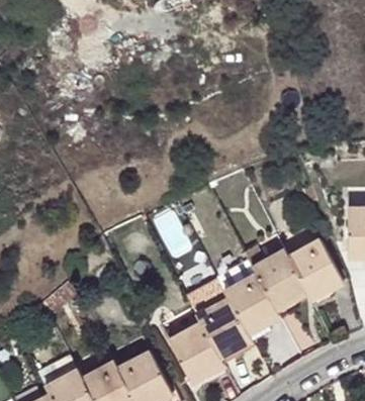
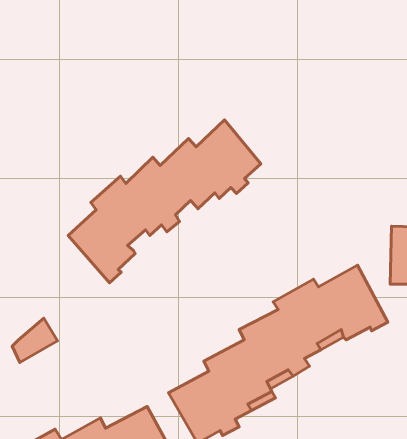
building: none -> [68,120,261,283]

